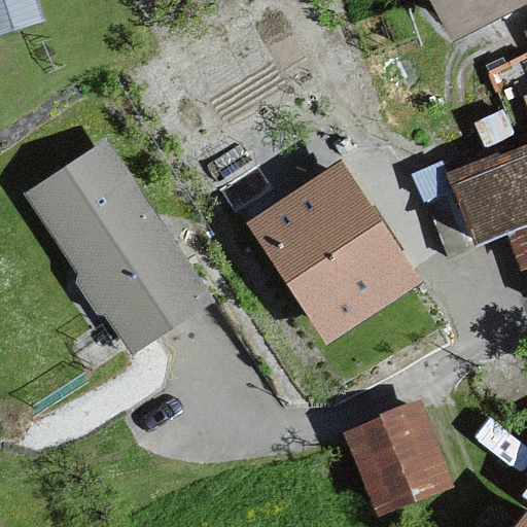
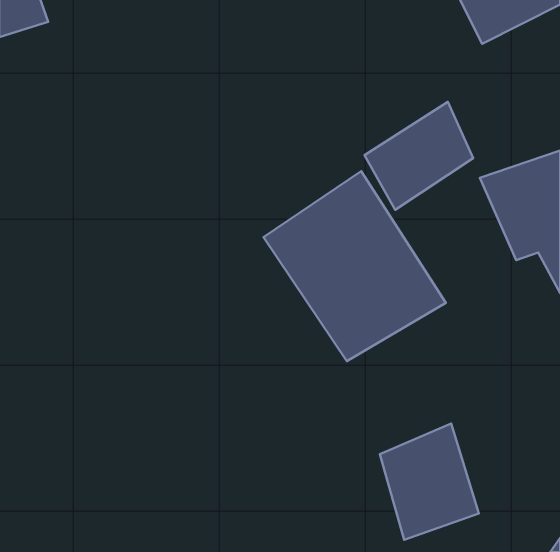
building: none -> [365,102,473,210]
building: [23,141,207,347] -> none

